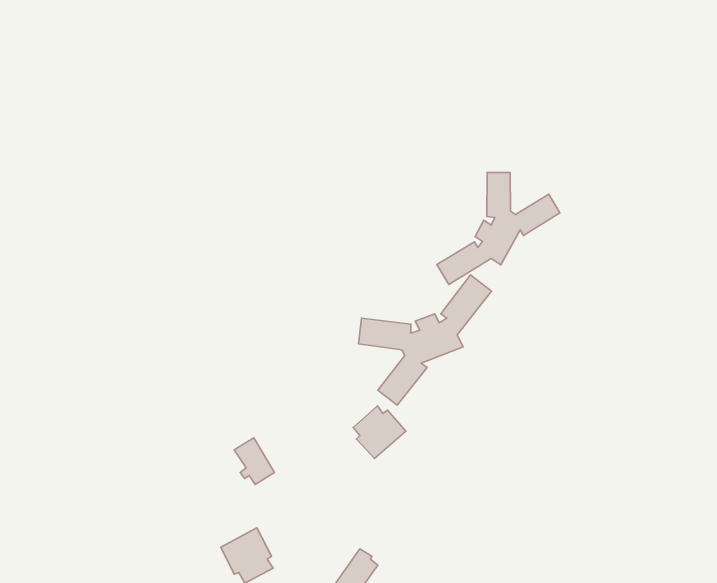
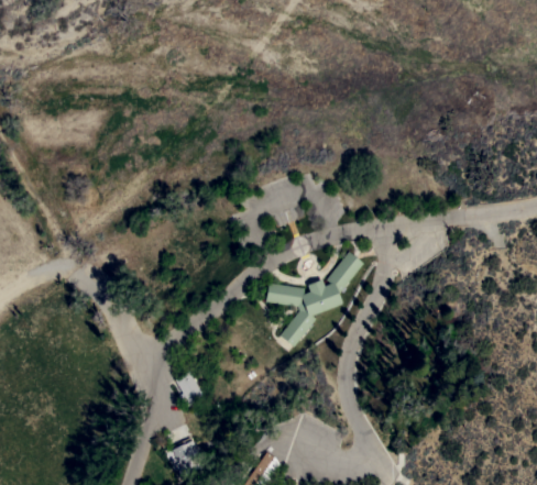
building: [437,172,560,284] -> none
building: [353,406,406,458] -> none

